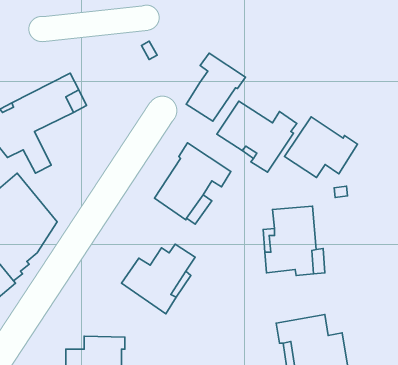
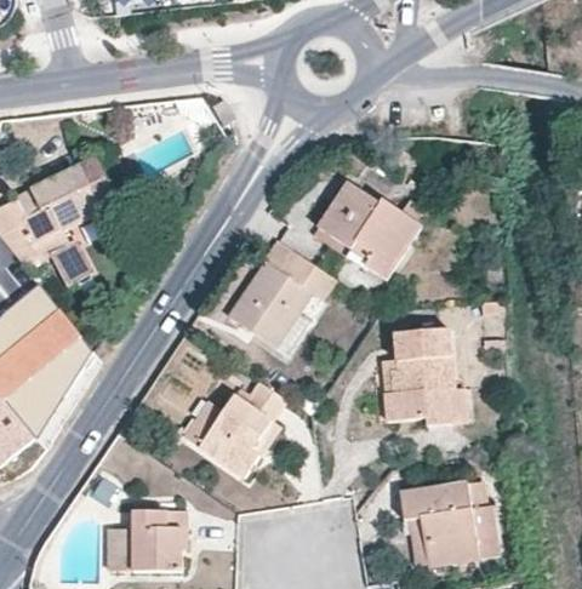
building: [186,53,245,121] -> none
building: [285,117,357,178] -> none

